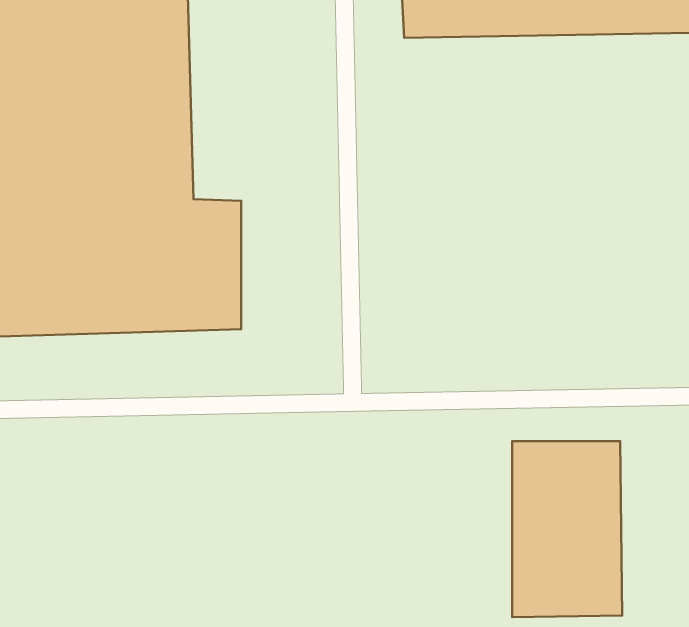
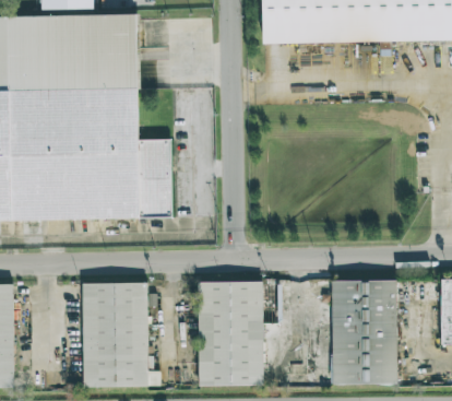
building: none -> [197,281,263,385]
building: none -> [81,283,147,386]

